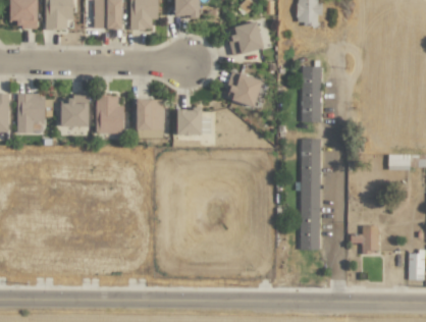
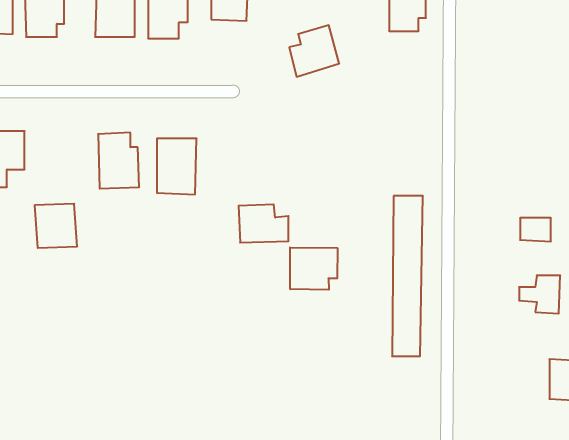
building: [301,66,321,122] -> none
building: [225,70,263,107] -> none
building: [59,96,89,126] -> [35,204,77,248]
building: [176,108,211,135] -> [239,204,289,243]
building: none -> [290,247,337,290]
building: [351,225,379,252] -> [519,275,560,314]

